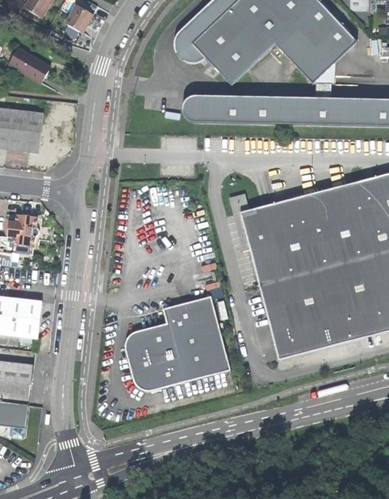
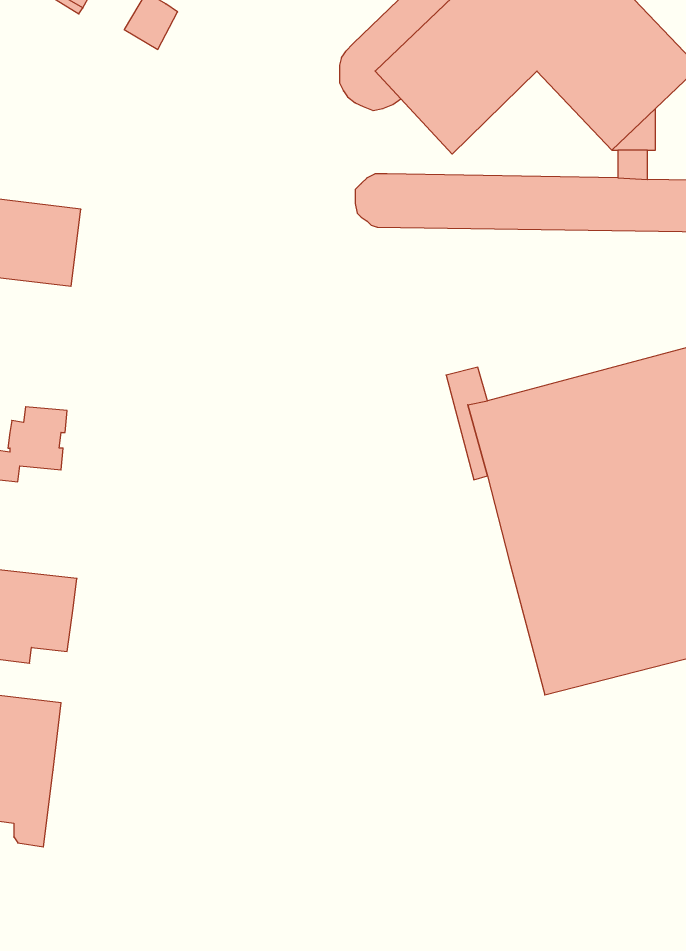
building: [9,48,51,83] -> none
building: [124,295,229,390] -> none

